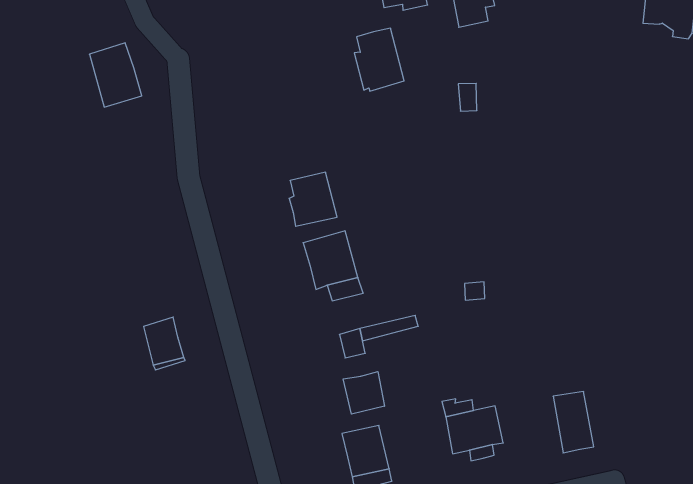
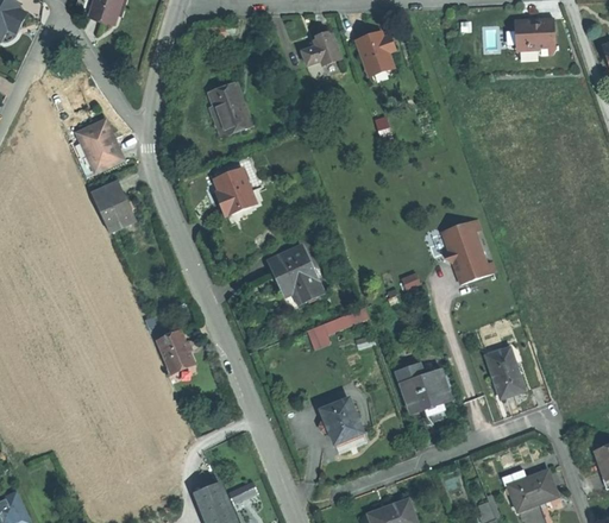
building: [354,28,404,91] -> [209,83,252,136]
building: none -> [92,184,133,233]
building: [289,172,337,226] -> [215,168,257,214]
building: none -> [442,219,495,284]
building: [343,372,384,414] -> none

